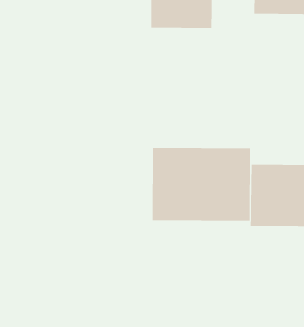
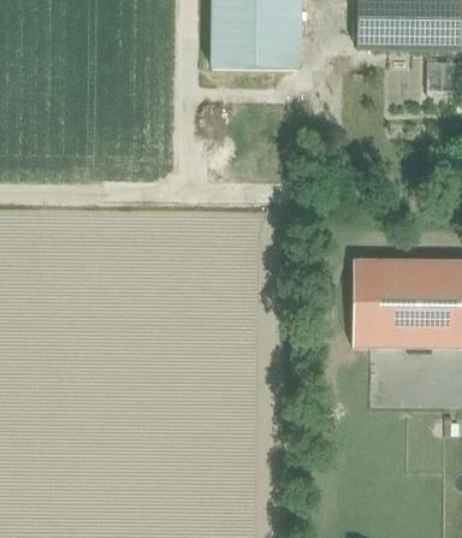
building: [152,147,250,222] -> none

